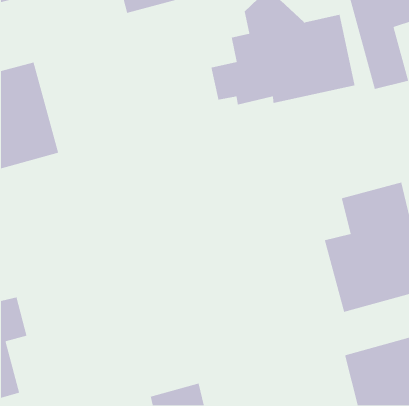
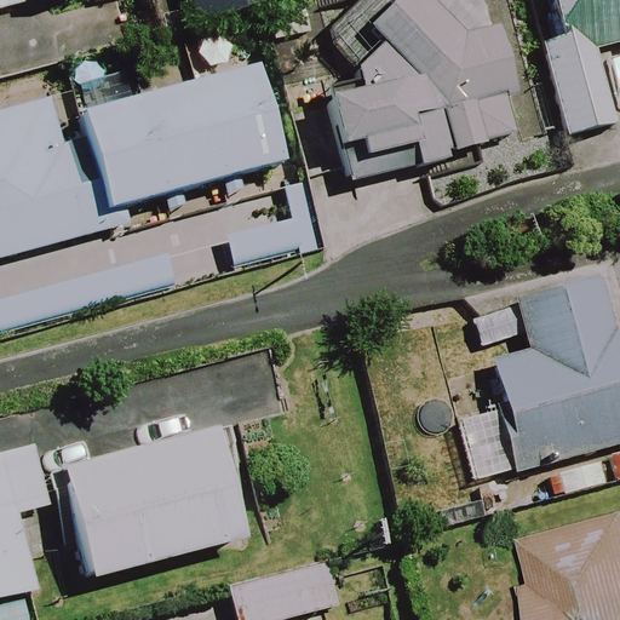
building: none -> [82,63,283,209]
building: none -> [62,426,245,578]

